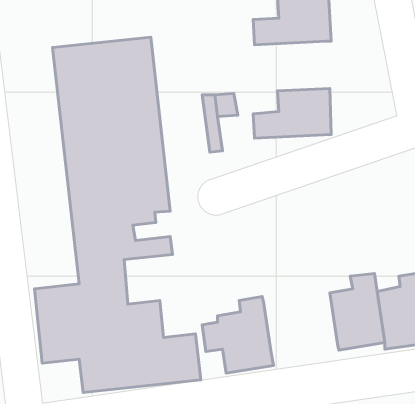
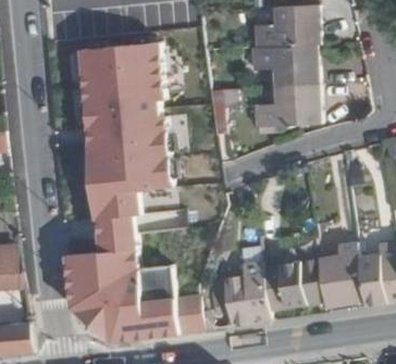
building: none -> [247,43,315,86]
building: none -> [259,258,322,309]

